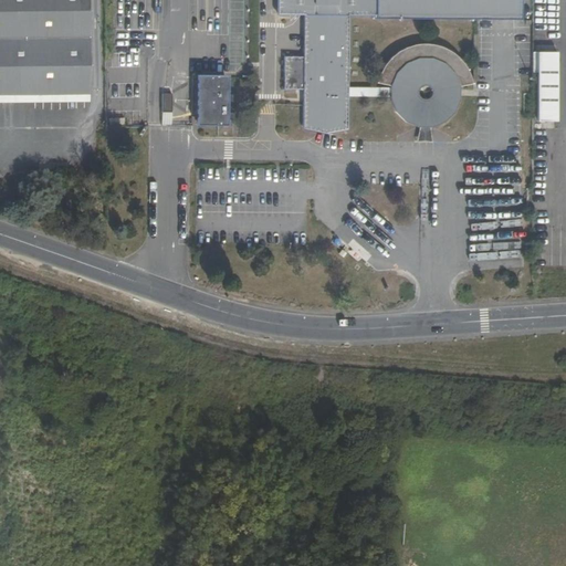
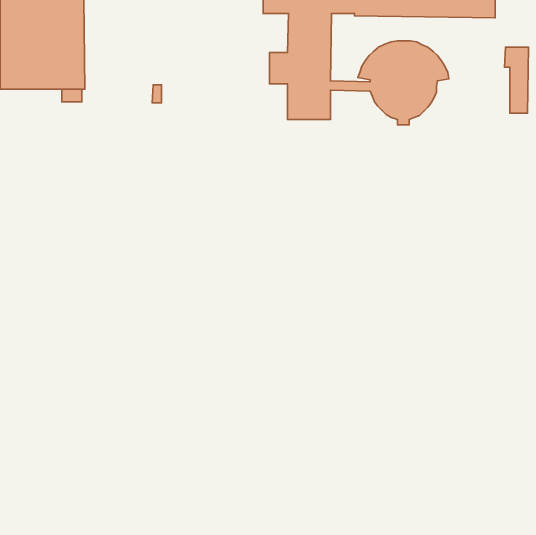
building: [198,74,227,123] -> none

